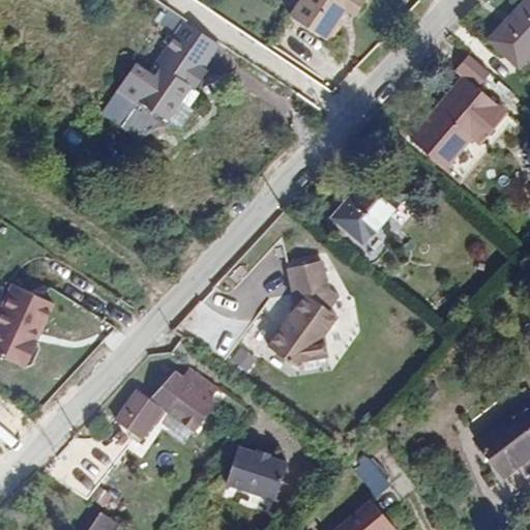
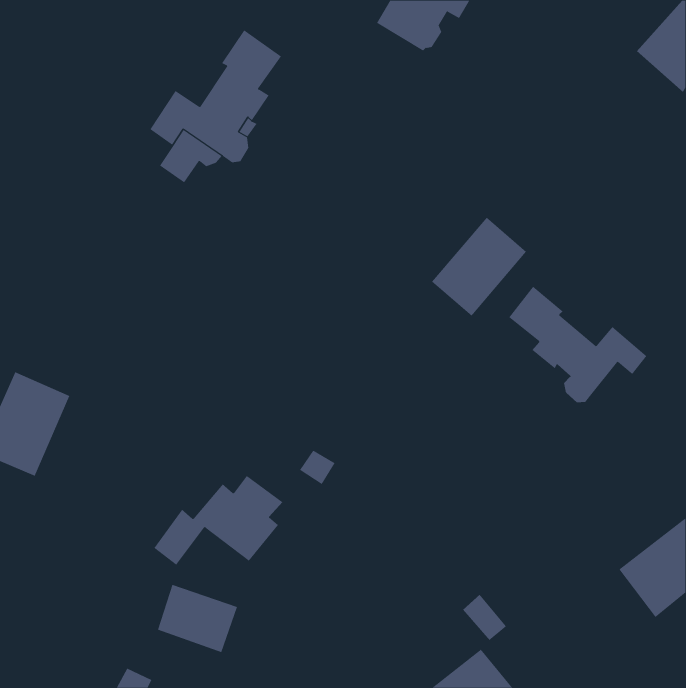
building: [410,55,510,180] -> none
building: none -> [508,286,647,403]
building: [269,260,342,360] -> none
building: [222,451,284,504] -> [157,584,238,653]

